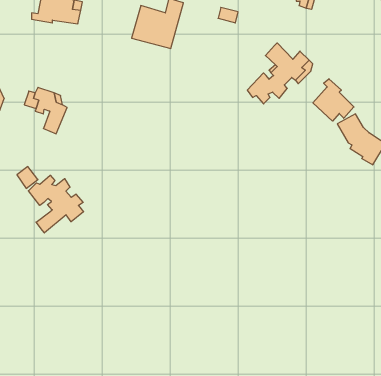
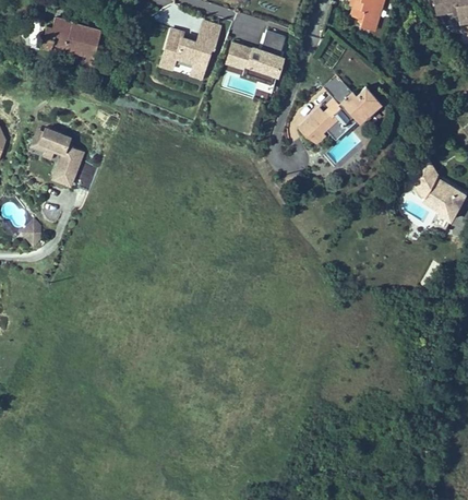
building: none -> [225,39,286,83]
building: [313,79,354,121] -> none
building: [28,175,84,233] -> none

